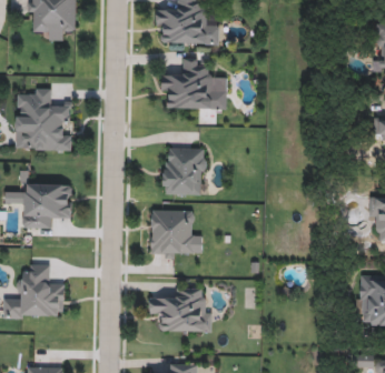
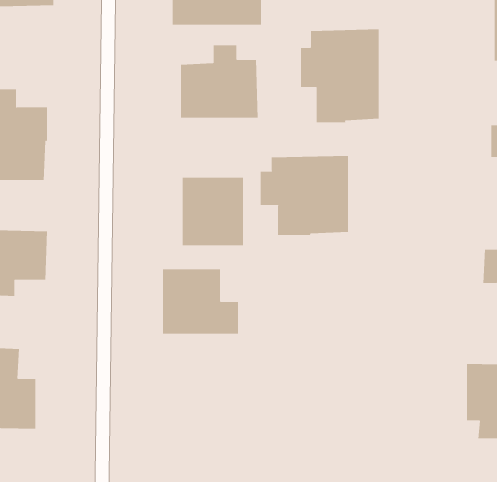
building: none -> [301,29,379,123]
building: none -> [260,155,349,236]
building: [150,286,210,332] -> none

